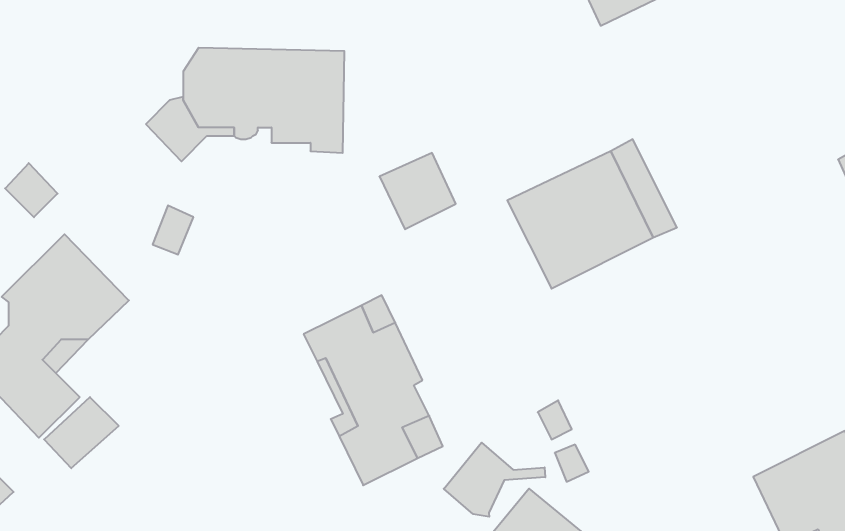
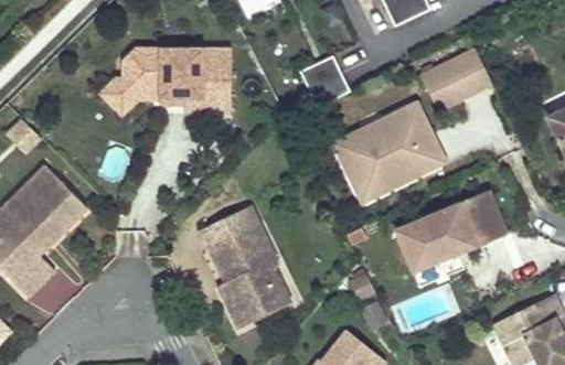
building: none -> [419,47,492,109]
building: [379,153,456,229] -> [299,57,349,107]
building: none -> [395,190,507,286]
building: [444,443,545,517] -> none

